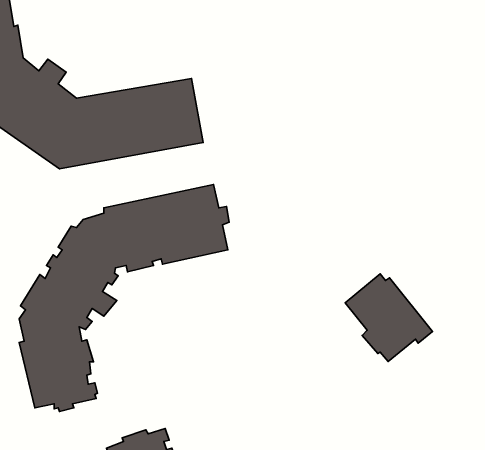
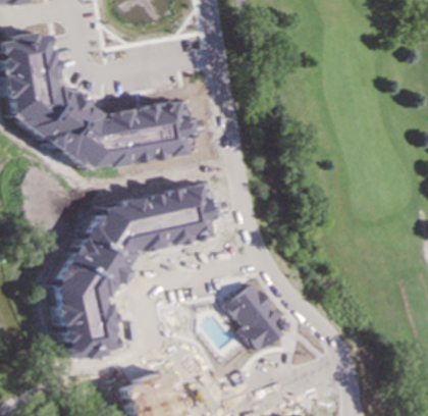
building: [345,274,432,361] -> [225,282,293,351]

